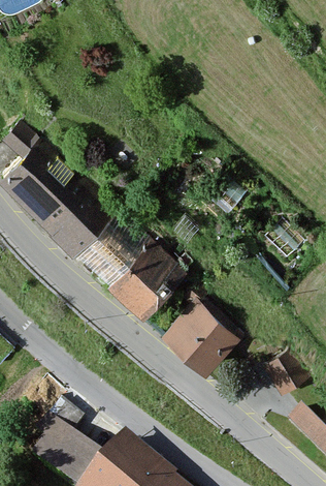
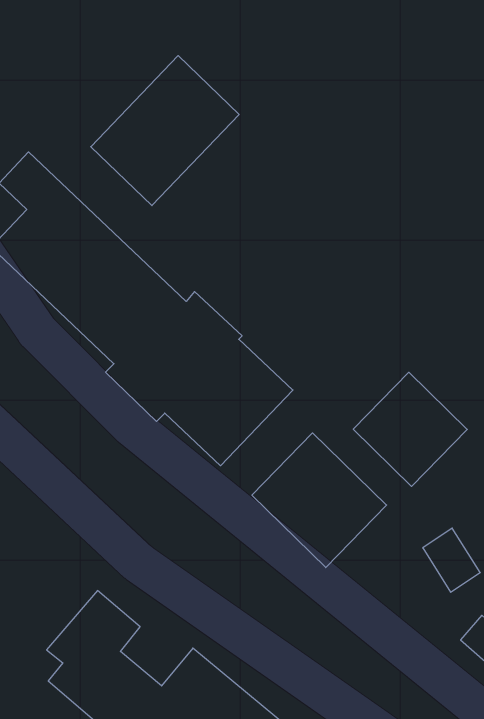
building: none -> [91,56,239,206]
building: none -> [353,372,467,486]

